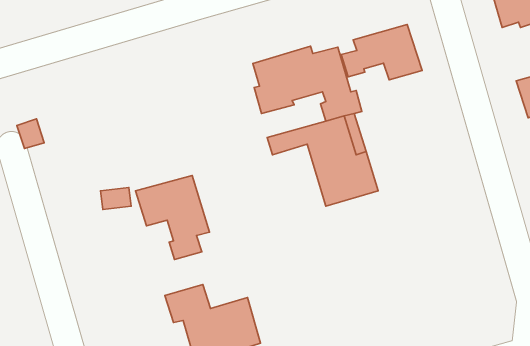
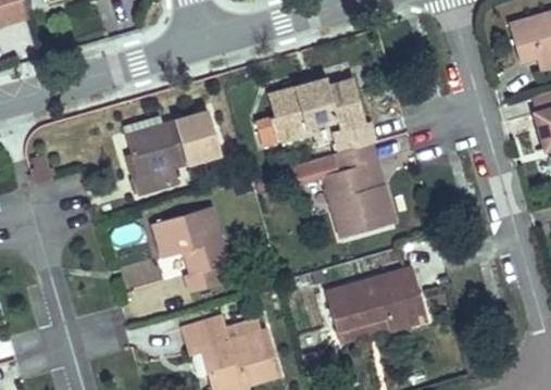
building: [341,24,422,80] -> none
building: none -> [122,114,216,197]
building: none -> [325,269,426,334]

